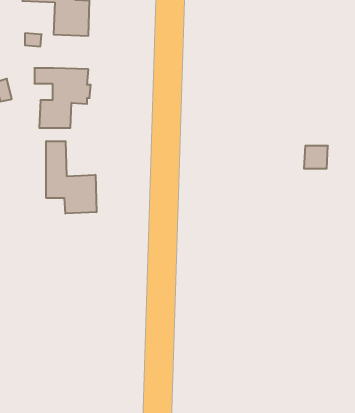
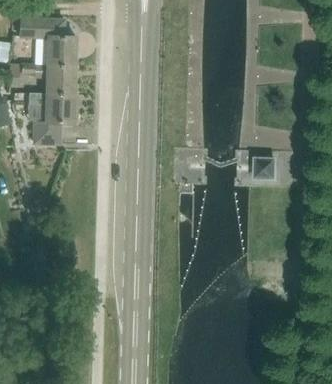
building: none -> [46,65,75,94]
building: [46,141,96,214] -> none

